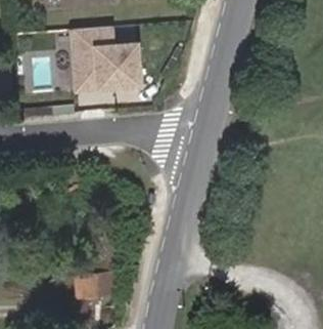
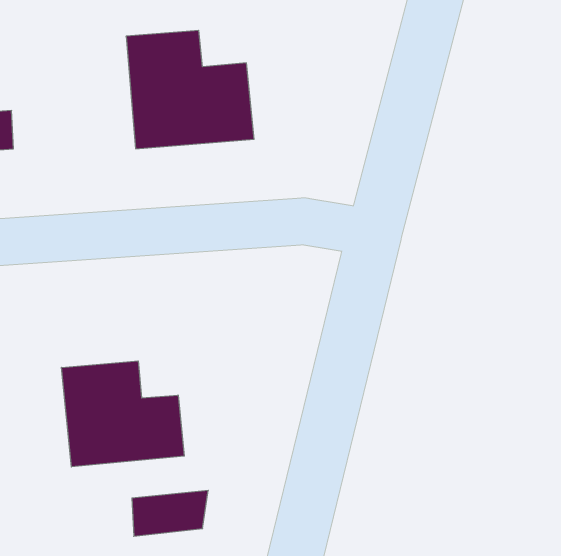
building: none -> [61,361,184,467]

